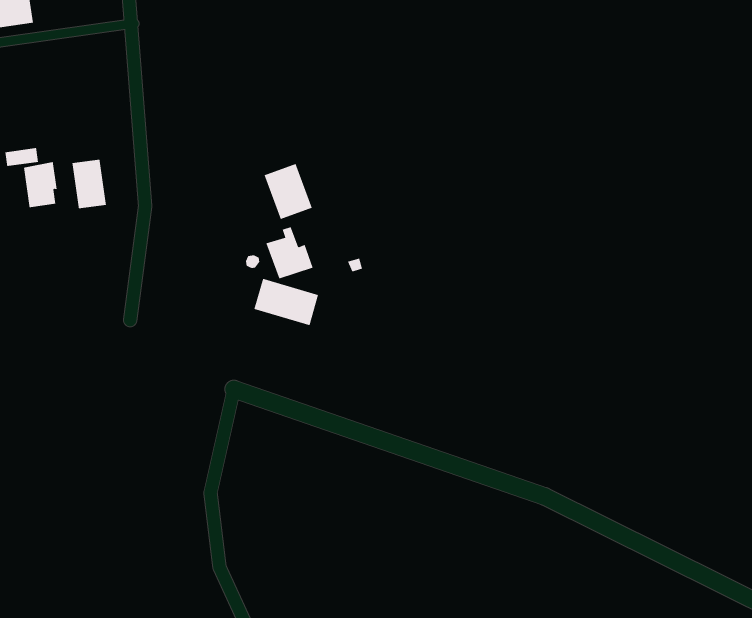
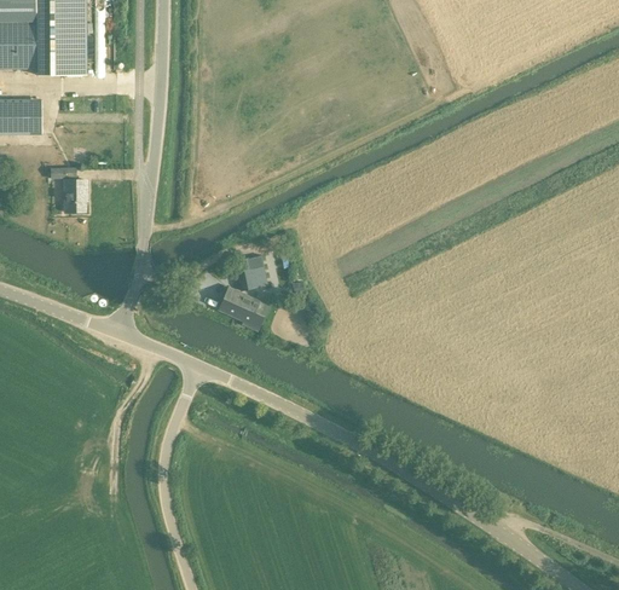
building: [72,159,106,209] -> none
building: [264,163,313,220] -> none

